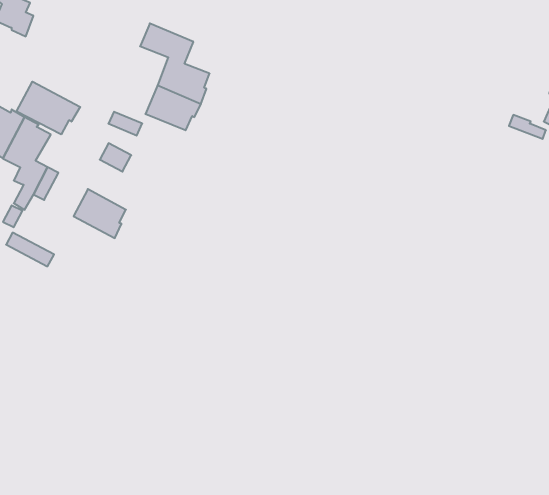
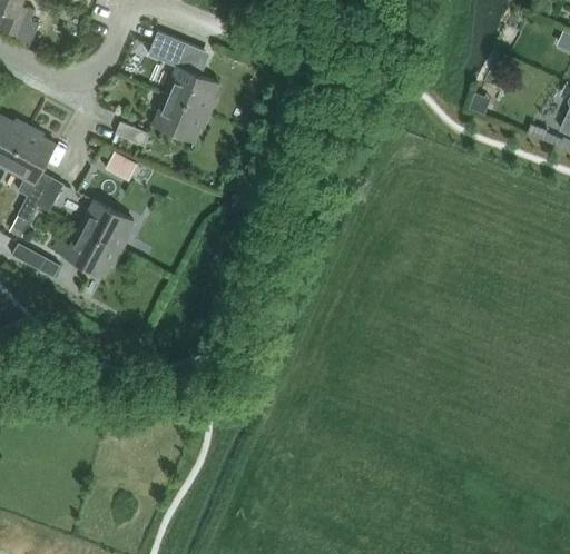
building: [16,82,80,134] -> none
building: none -> [52,228,121,276]

